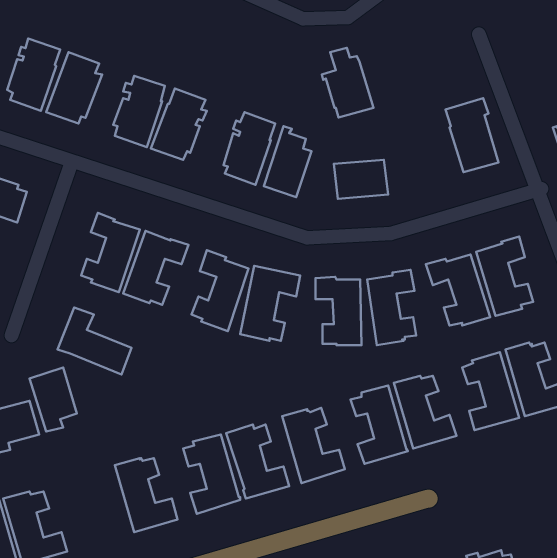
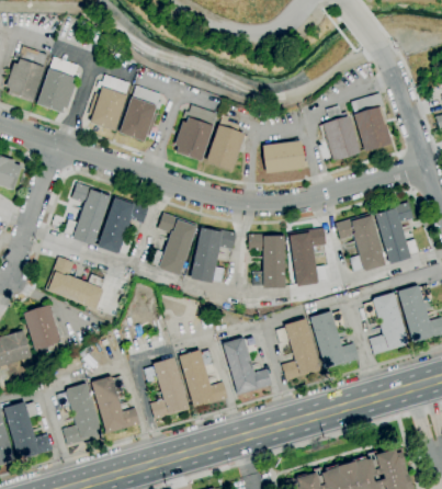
building: [322,48,373,118] -> [320,105,361,160]
building: none -> [57,384,102,445]

